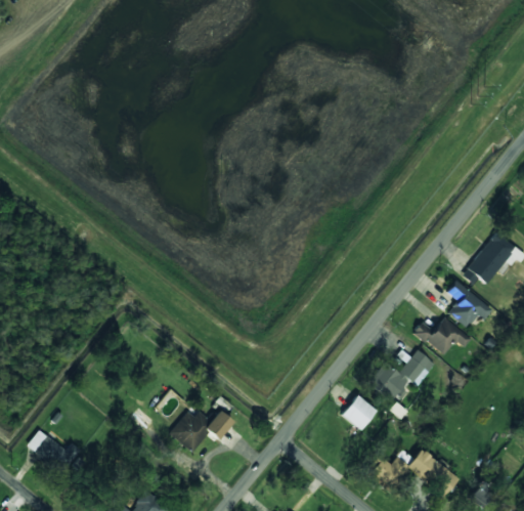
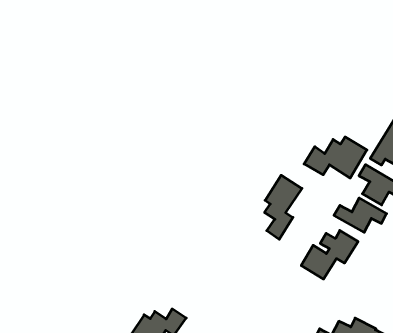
building: none -> [304,137,367,178]
building: none -> [265,175,302,239]
building: [342,395,377,436] -> none

